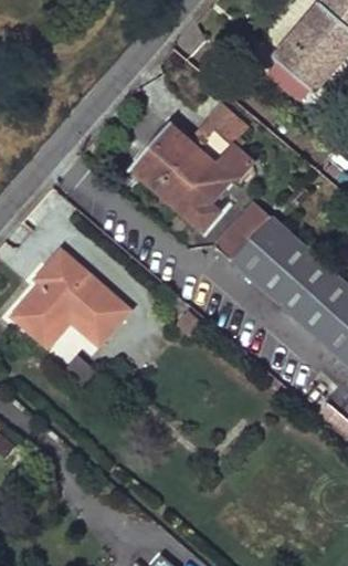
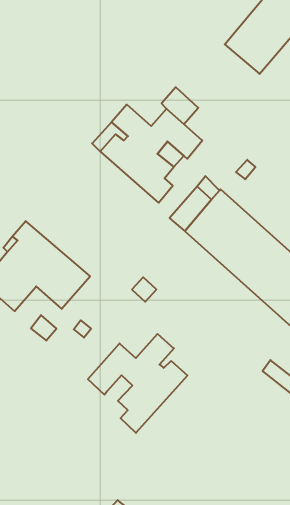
building: none -> [88,334,187,433]

